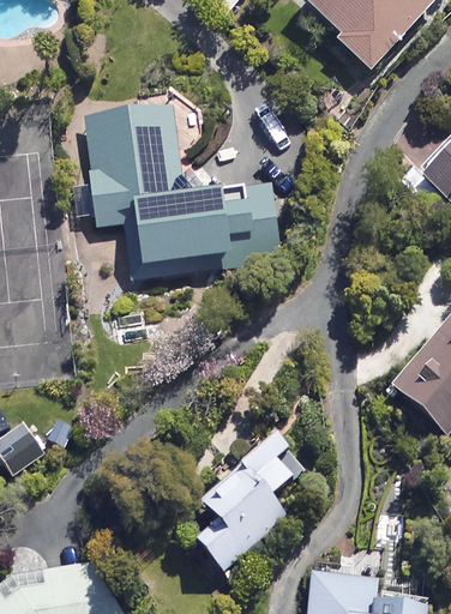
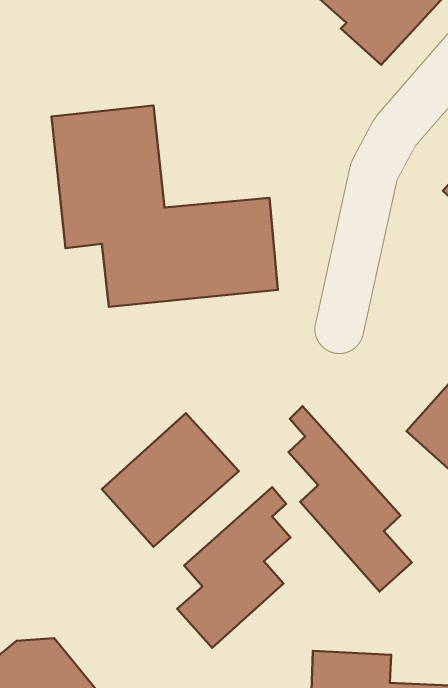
building: none -> [289,406,412,591]
building: none -> [102,413,239,547]

